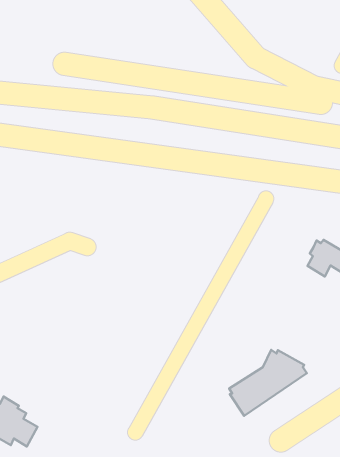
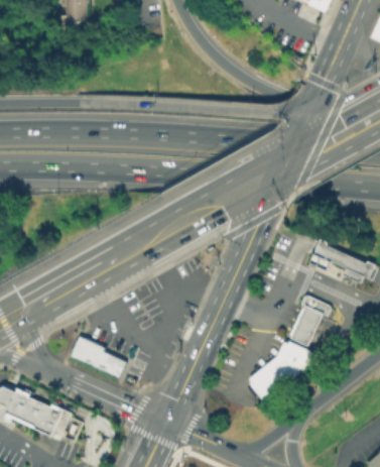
building: none -> [288,291,333,344]
building: none -> [70,337,126,379]

